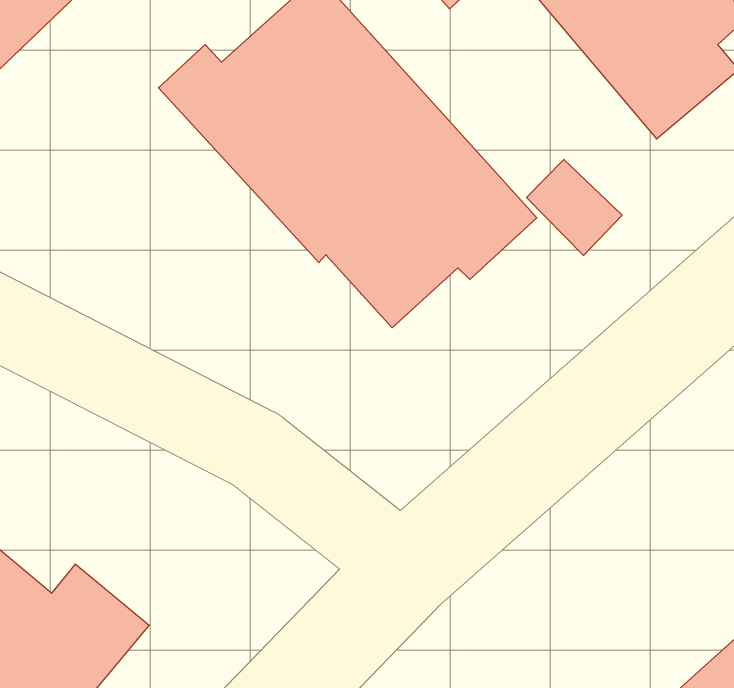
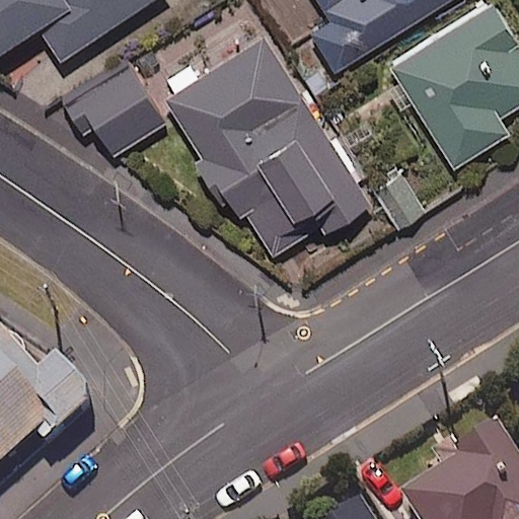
building: none -> [78,68,163,154]

